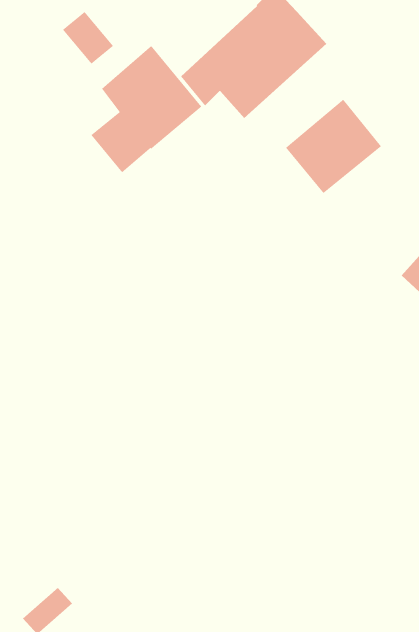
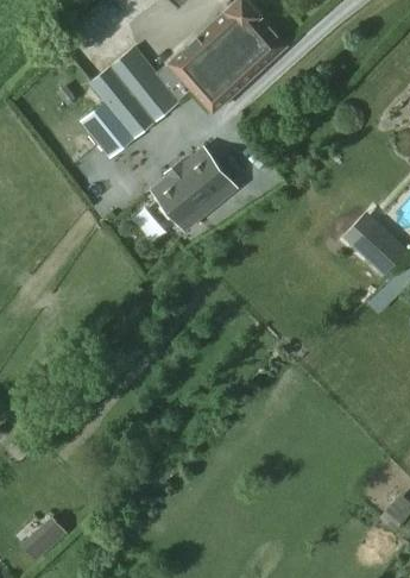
building: [62,11,114,65] -> none
building: [285,99,382,194] -> [152,147,236,231]

